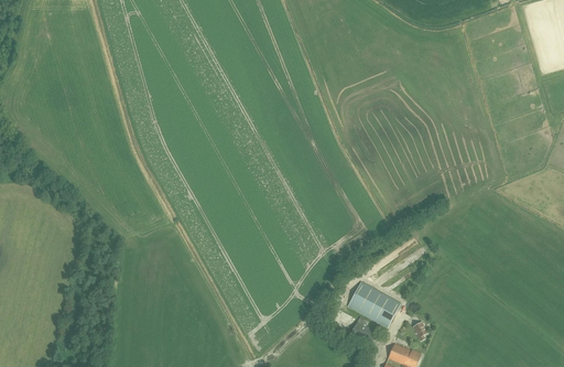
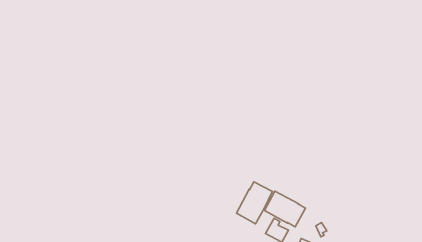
building: none -> [236,182,272,224]

